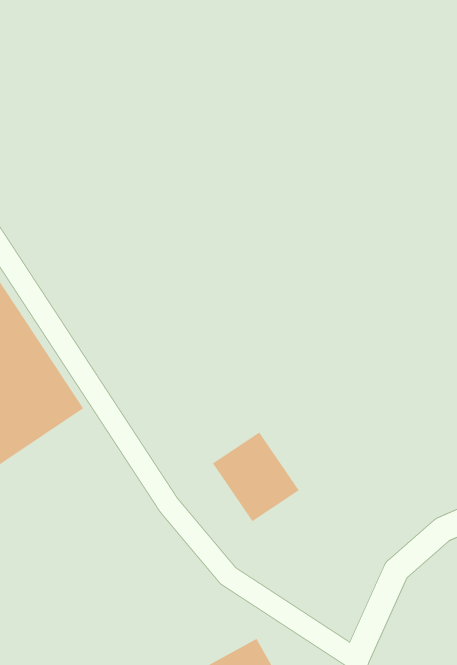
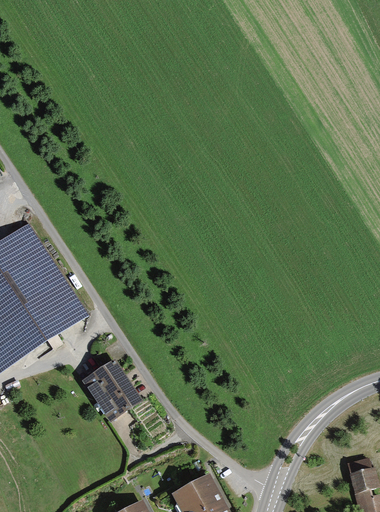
building: [212,431,300,522] -> [82,359,143,422]

